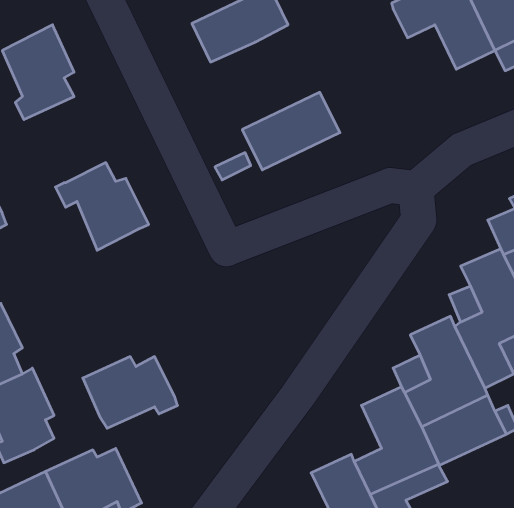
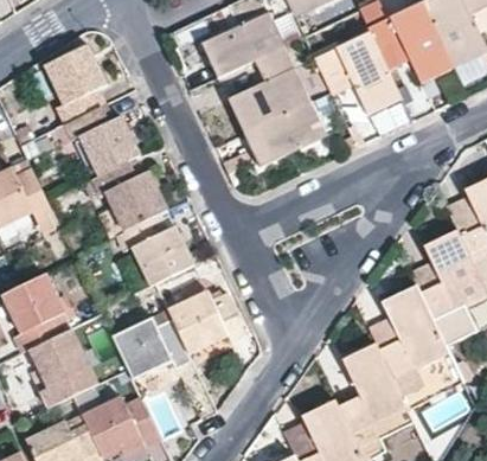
building: none -> [313,32,398,111]
building: none -> [228,45,307,132]
building: none -> [53,104,140,175]
building: none -> [116,213,192,284]
building: none -> [166,293,244,352]

